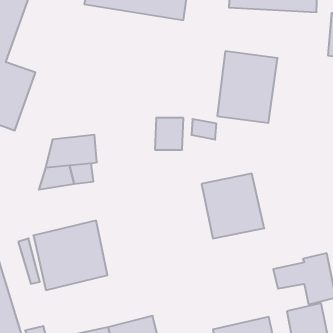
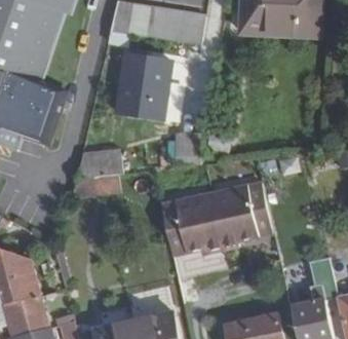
building: [217,51,278,123] -> [116,54,170,119]
building: [33,221,107,290] -> [159,192,226,255]

